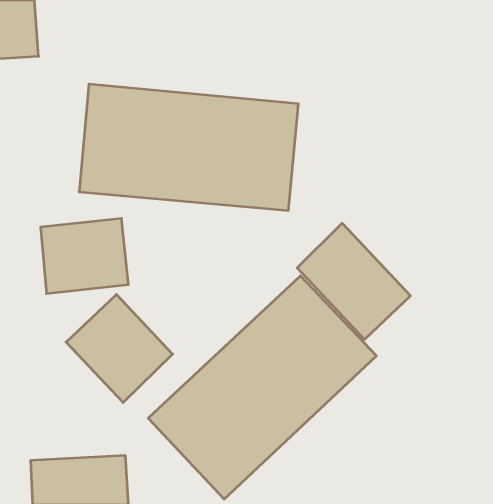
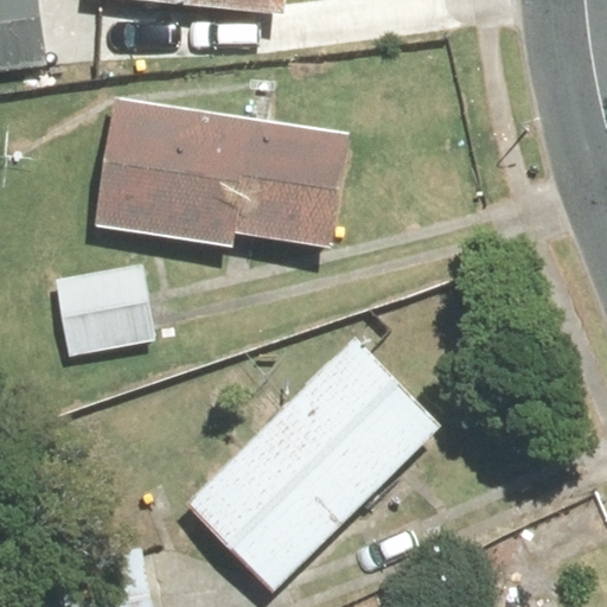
building: [297,223,410,339] -> none
building: [66,294,173,403] -> none

